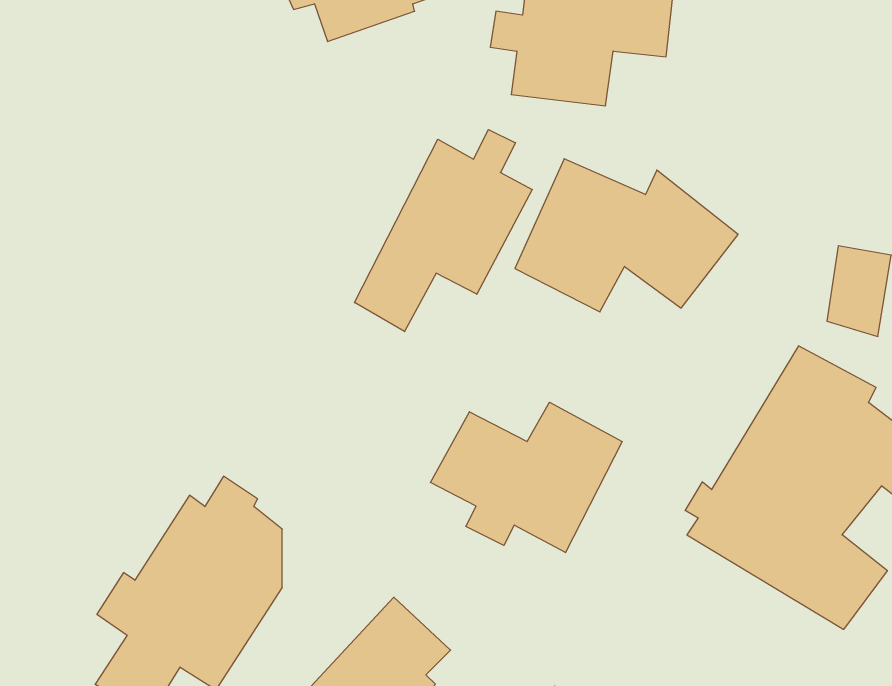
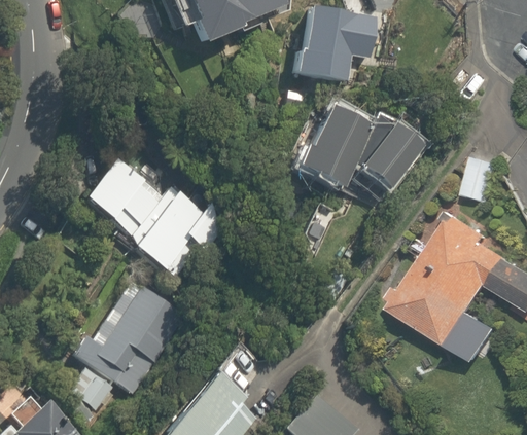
building: [354,130,532,332] -> none
building: none -> [78,153,221,293]
building: [430,402,622,553] -> none

